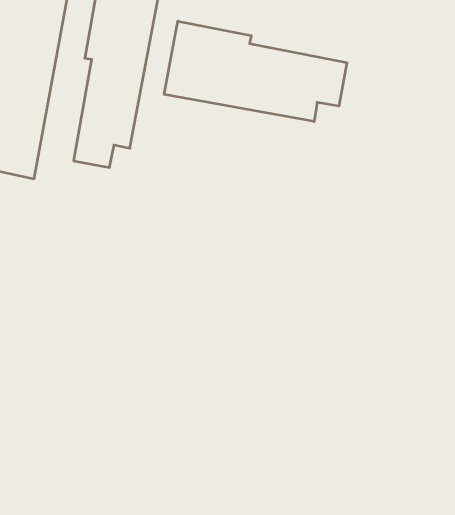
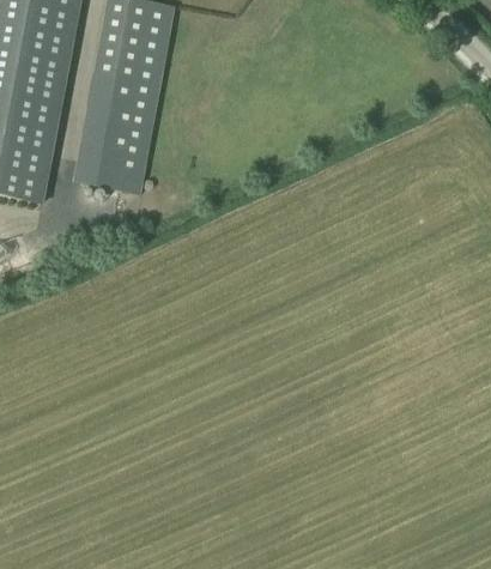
building: [164,21,347,122] -> none

